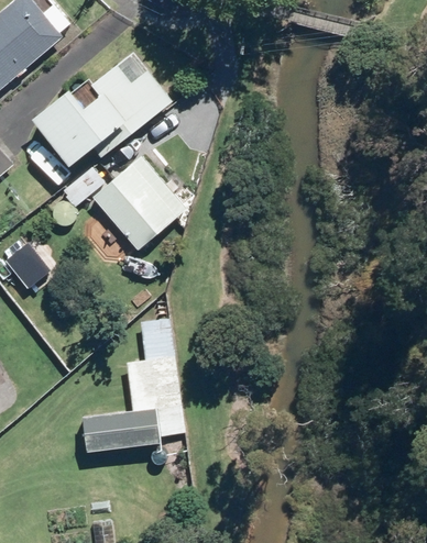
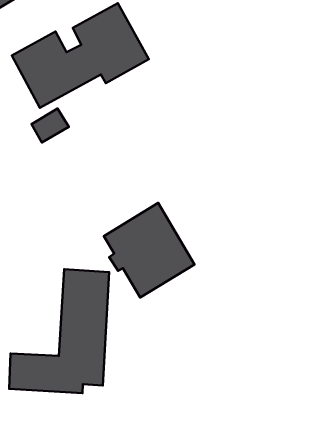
building: [91,155,186,252] -> [104,203,195,298]

